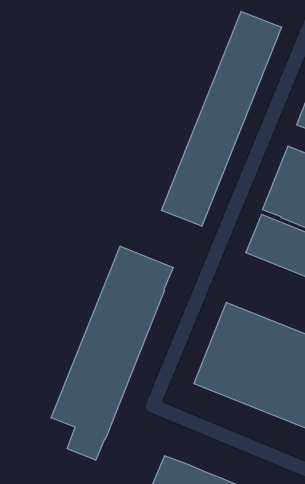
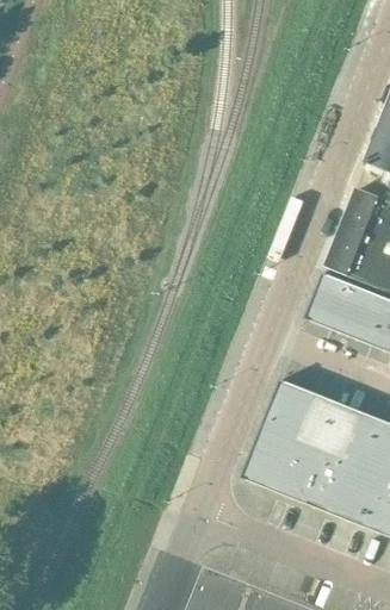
building: [161,11,282,226] -> none
building: [51,246,173,460] -> none

